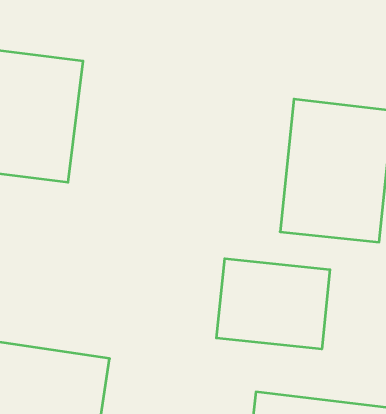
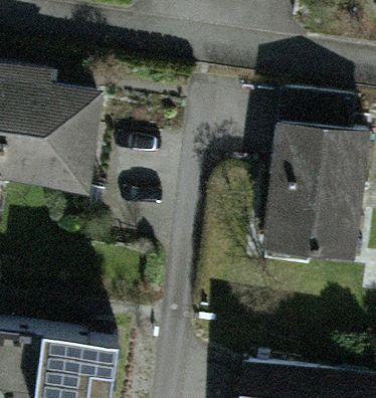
building: [216,259,330,349] -> none

